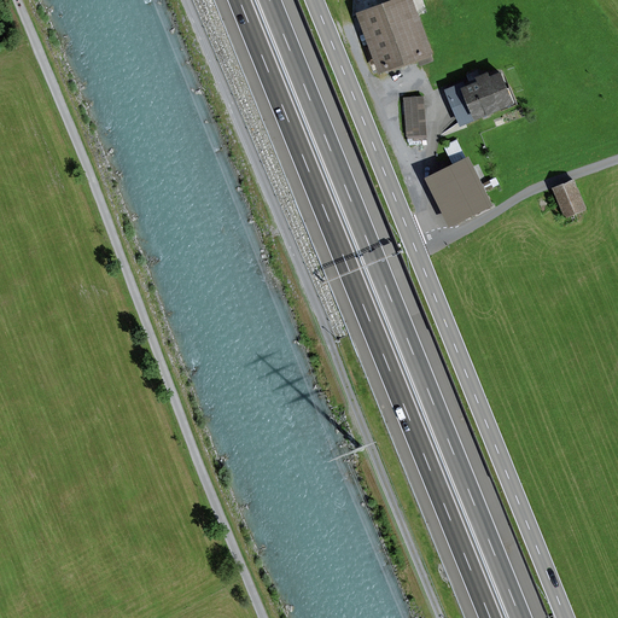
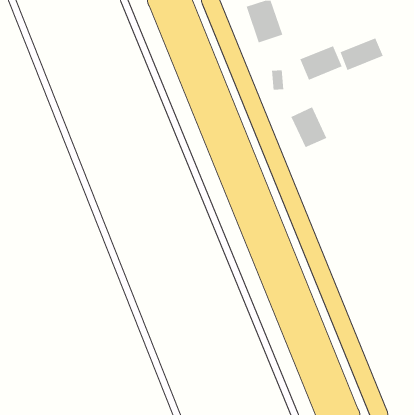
building: none -> [340,38,384,71]
building: [553,181,582,216] -> none

